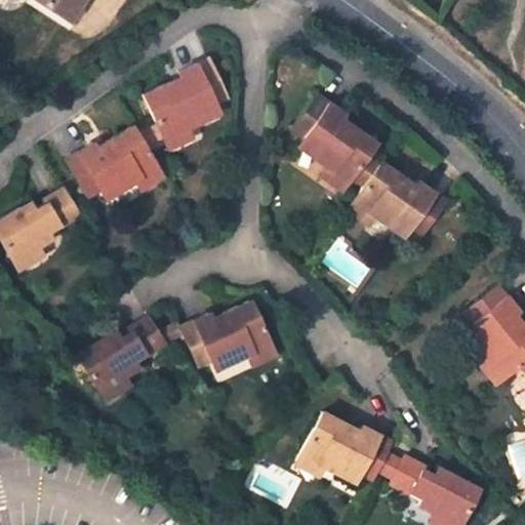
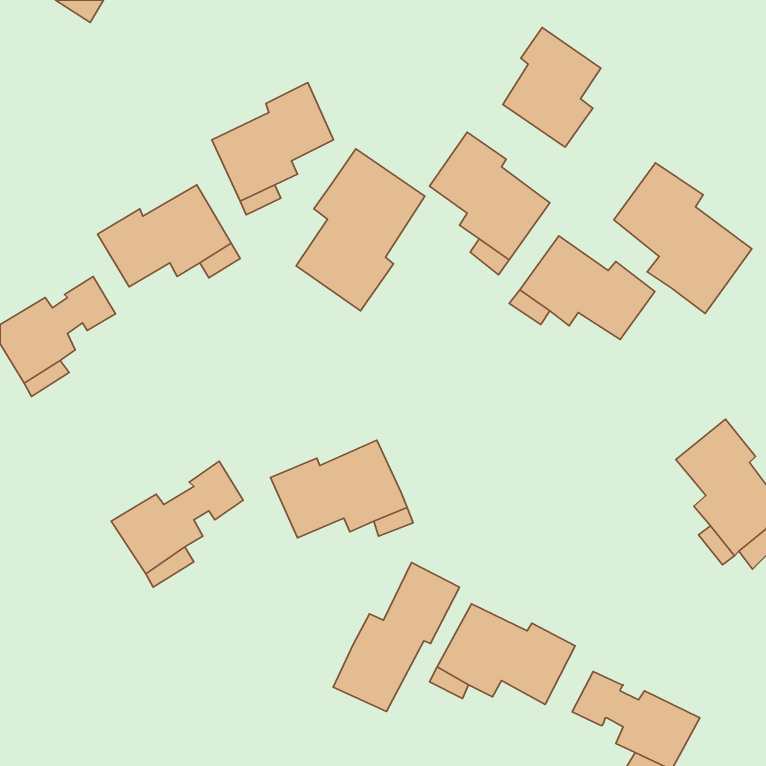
building: none -> [503,27,601,147]
building: none -> [296,149,425,311]
building: none -> [614,163,752,313]
building: none -> [333,562,459,712]

